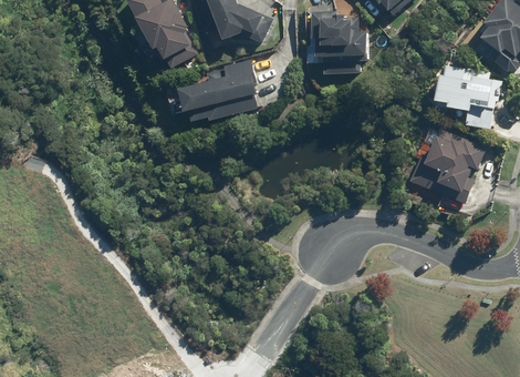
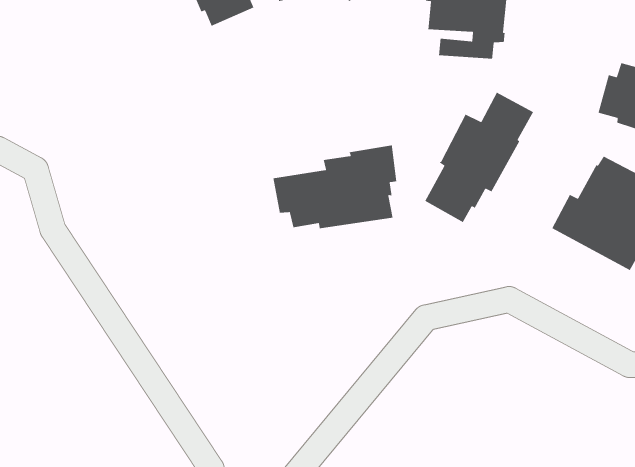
building: [175,59,258,121] -> [273,145,397,229]
building: none -> [424,91,534,223]

